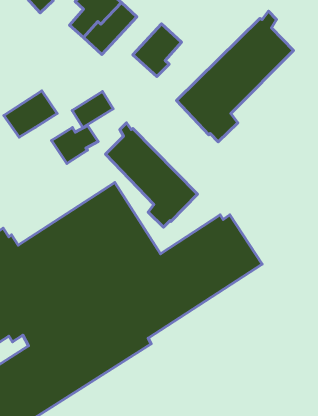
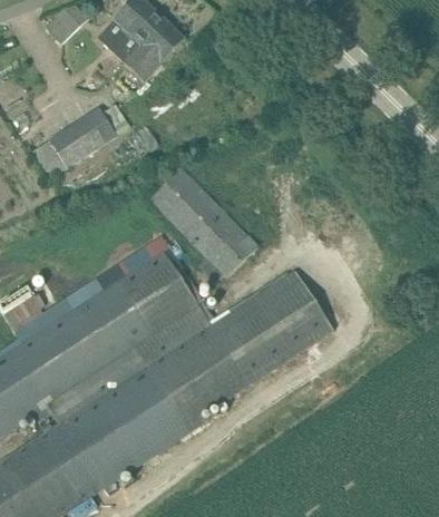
building: [177,11,293,142] -> none
building: [133,24,182,77] -> none
building: [52,125,98,163] -> [75,108,129,153]

